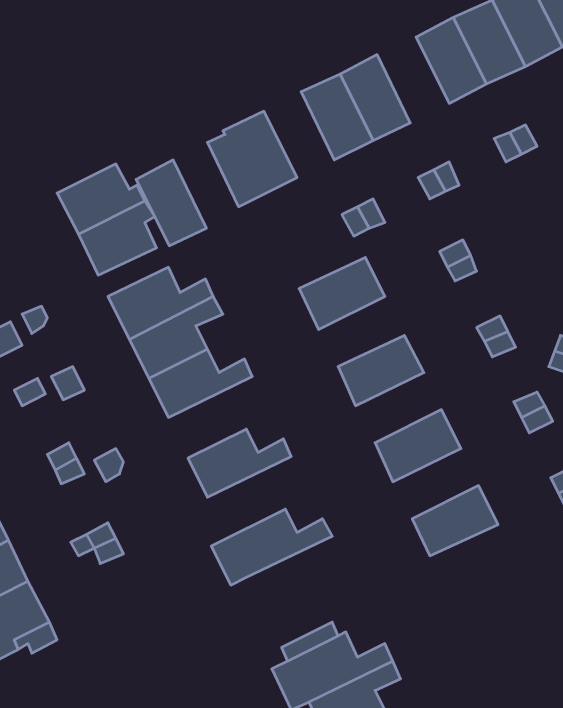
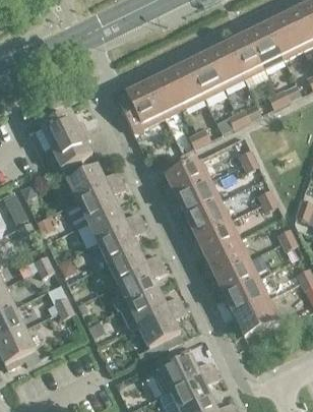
building: none -> [205,43,243,87]
building: [136,160,206,246] -> [146,71,183,116]
building: none -> [175,178,220,215]
building: none -> [194,218,239,254]
building: none -> [97,220,145,262]
building: none -> [213,257,258,294]
building: none -> [110,261,166,309]
building: none -> [233,297,278,335]
building: none -> [137,303,186,347]

